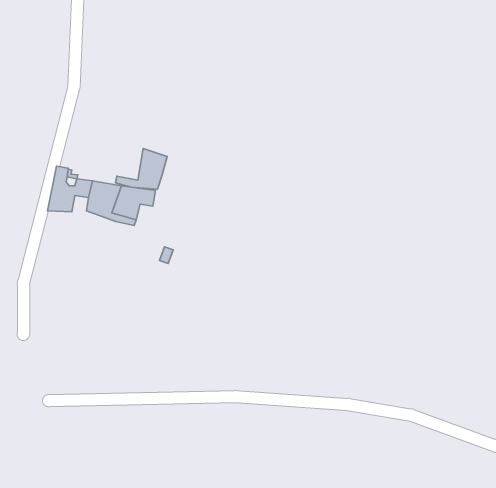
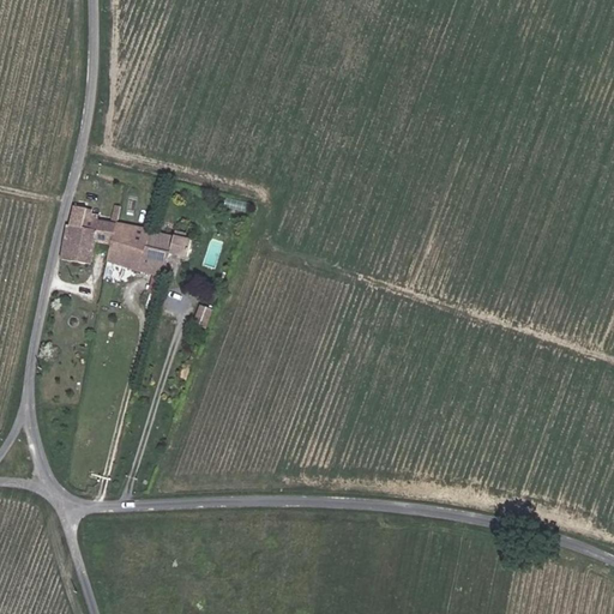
building: [116,148,167,189] -> none

